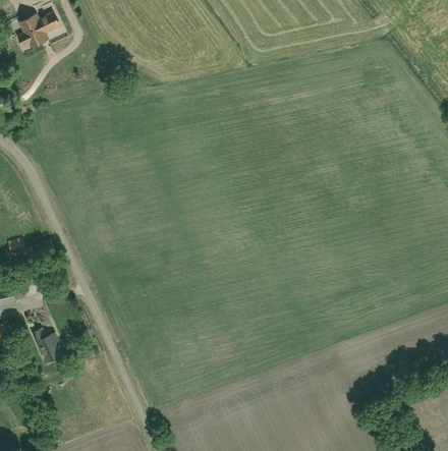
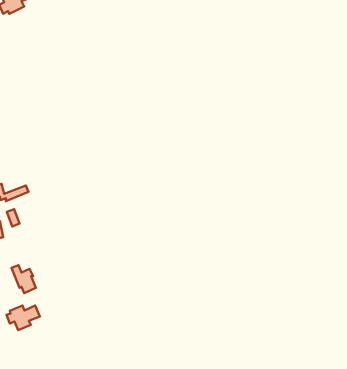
building: none -> [6,306,40,330]

